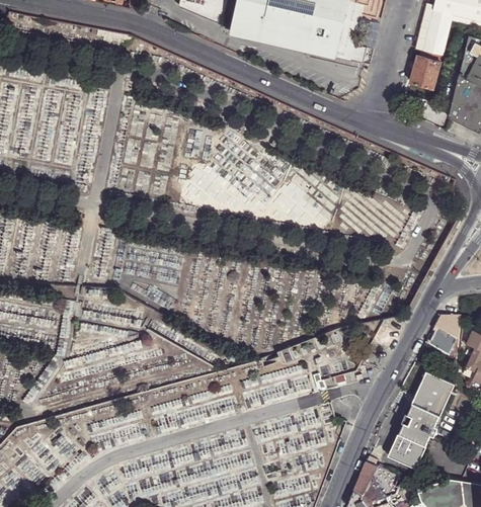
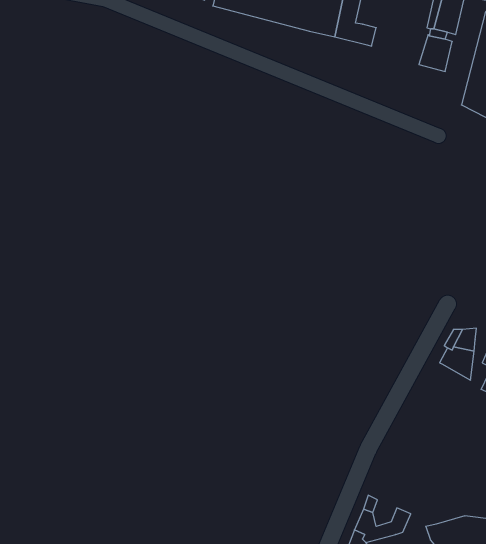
building: [389,370,456,468] -> none

